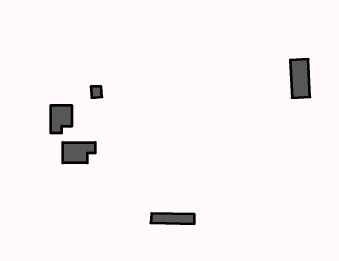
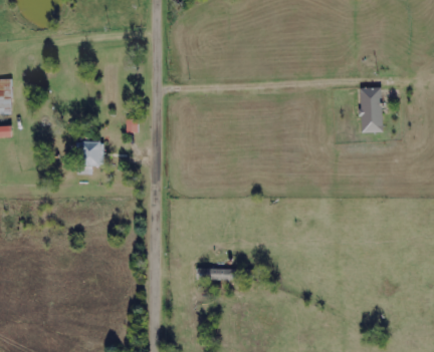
building: [63,142,95,163] -> none

